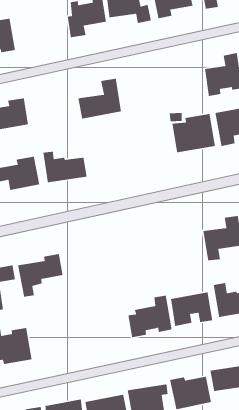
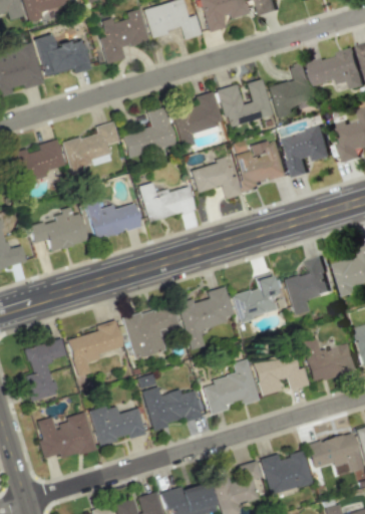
building: none -> [33,33,91,76]
building: none -> [218,78,272,126]
building: none -> [172,91,221,148]
building: none -> [62,121,119,174]
building: none -> [191,159,242,199]
building: none -> [138,182,195,222]
building: none -> [233,272,277,323]
building: none -> [177,286,233,349]
building: none -> [122,303,180,357]
building: none -> [142,387,203,431]
building: none -> [89,406,146,445]

